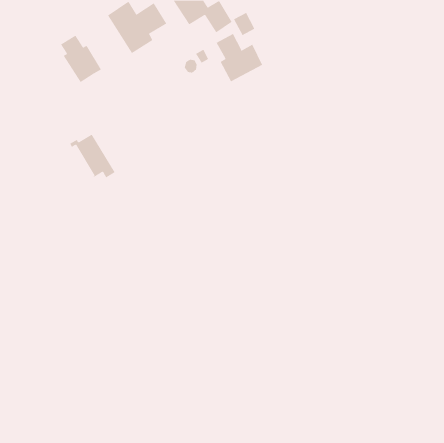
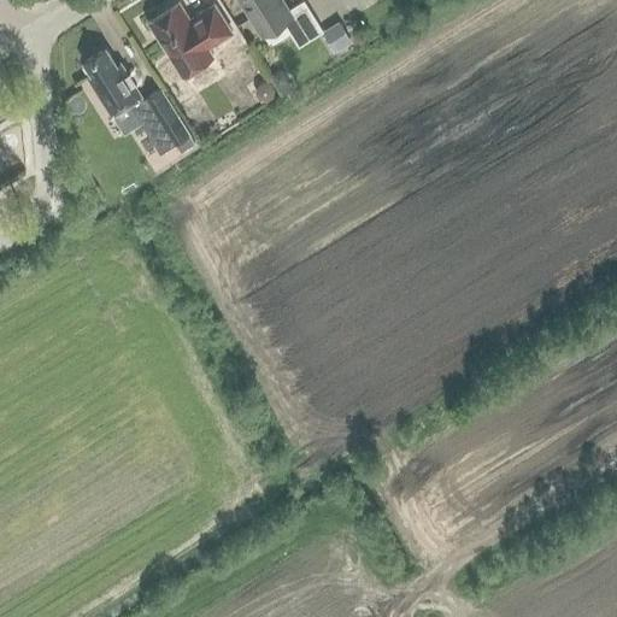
building: [216,33,263,82] -> none
building: [69,134,116,178] -> [130,92,194,153]

